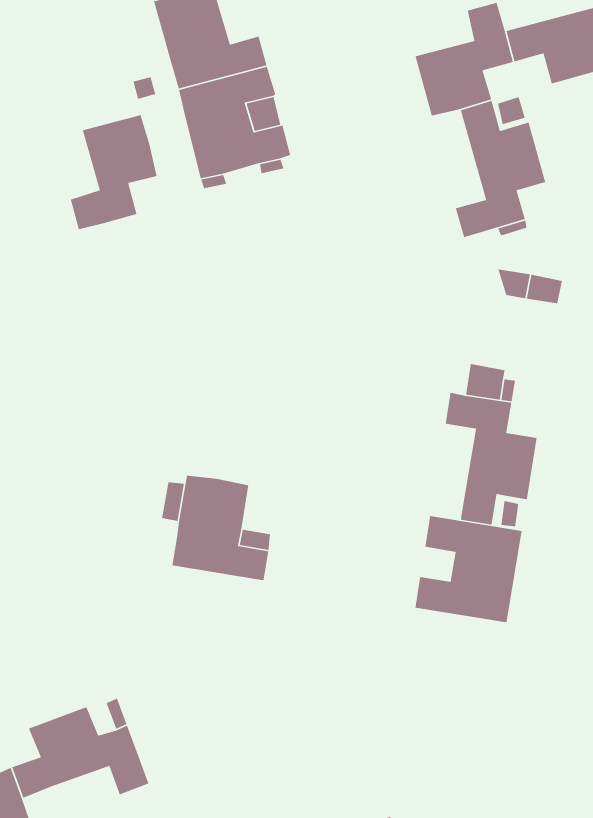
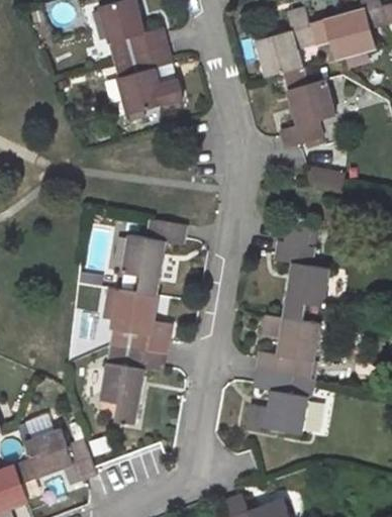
building: [70,114,158,230] -> none
building: none -> [122,219,187,296]
building: none -> [101,344,166,423]
building: none -> [247,370,311,433]

